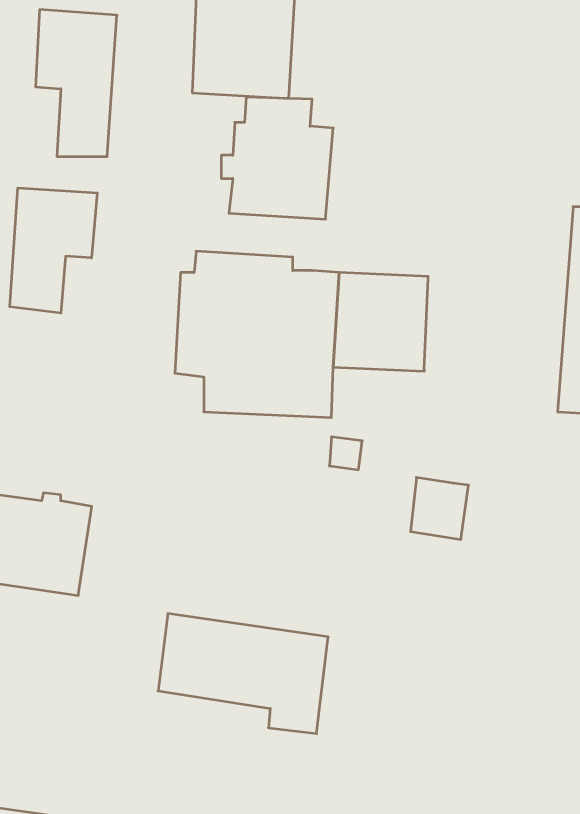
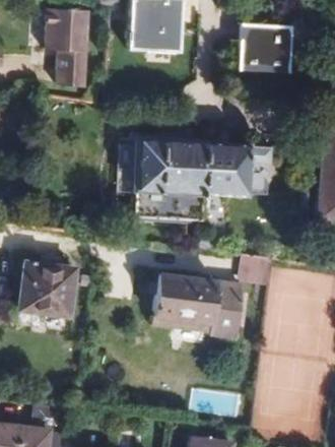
building: [221,97,333,219] -> [234,10,293,74]
building: [10,188,97,313] -> none
building: none -> [250,148,272,196]
building: [158,614,328,734] -> [153,274,243,337]

